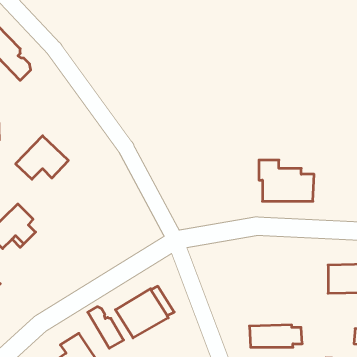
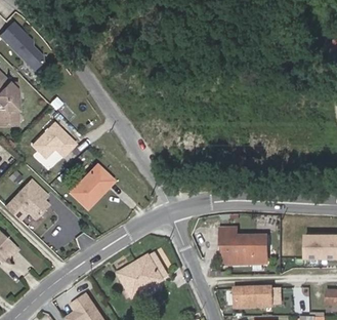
building: [259,160,314,201] -> [219,228,267,264]
building: none -> [70,164,114,208]
building: [88,307,124,348] -> none

